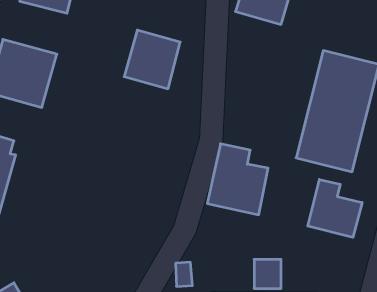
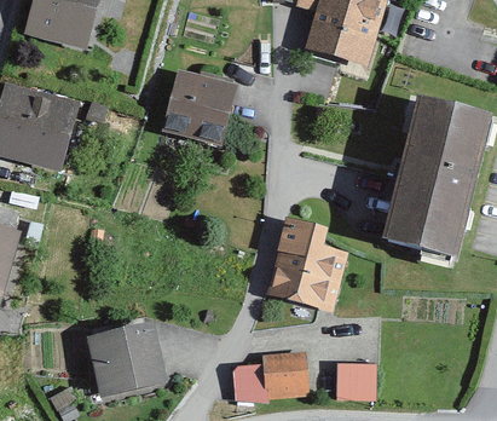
building: [308,179,362,237] -> none
building: none -> [85,322,166,399]
building: none -> [253,356,301,404]

